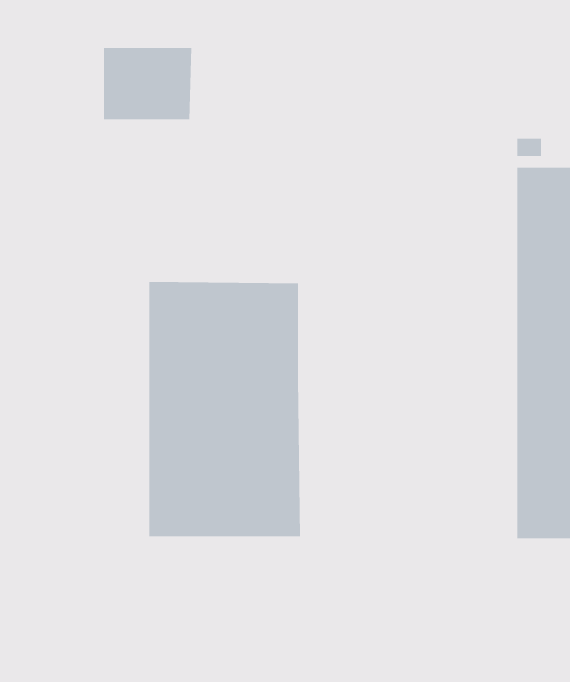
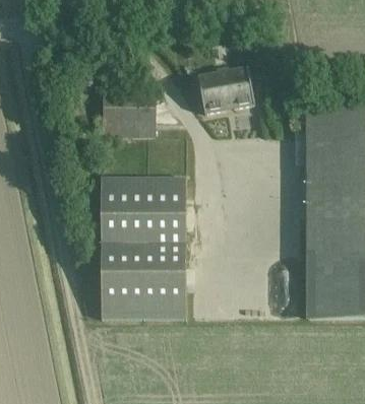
building: [103,48,192,120] -> [104,93,154,134]
building: none -> [198,64,253,111]

